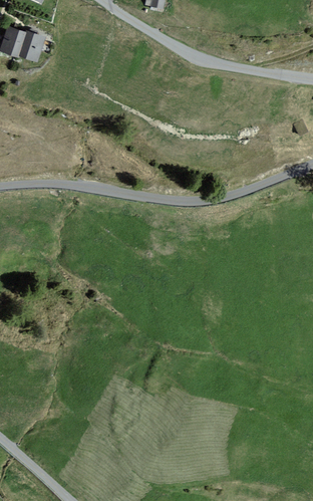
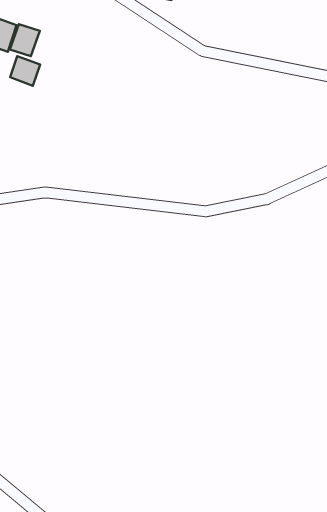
building: none -> [10,56,40,86]

